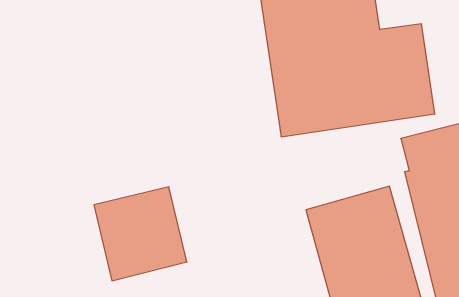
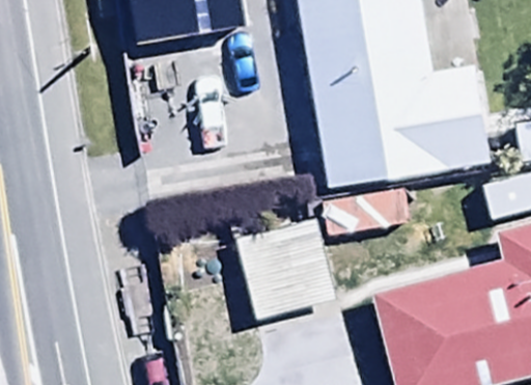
building: [94,187,187,281] -> [237,218,339,321]

